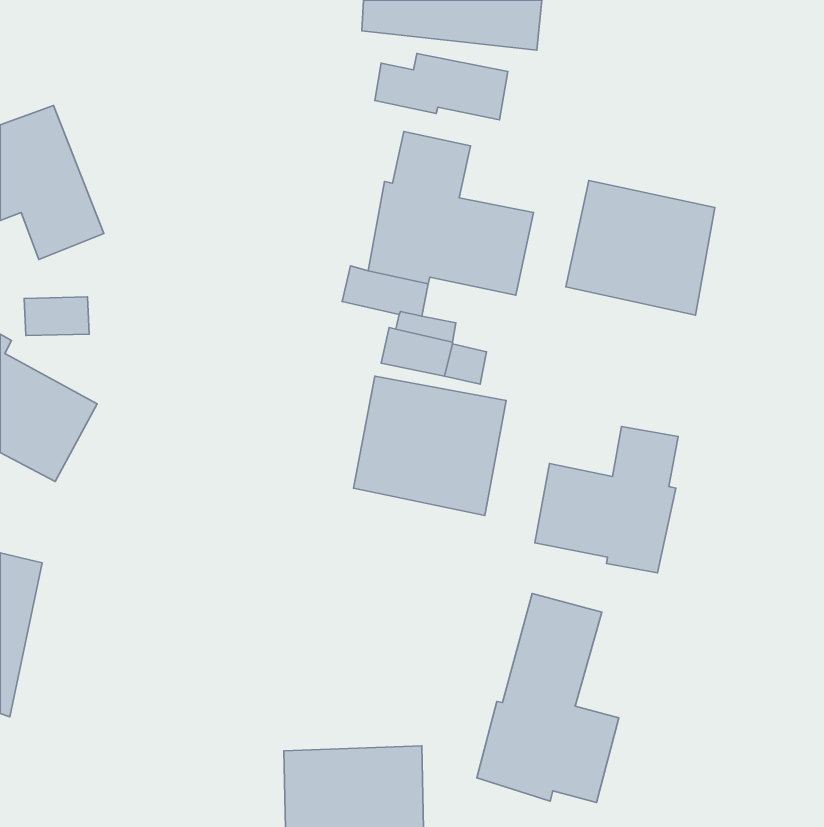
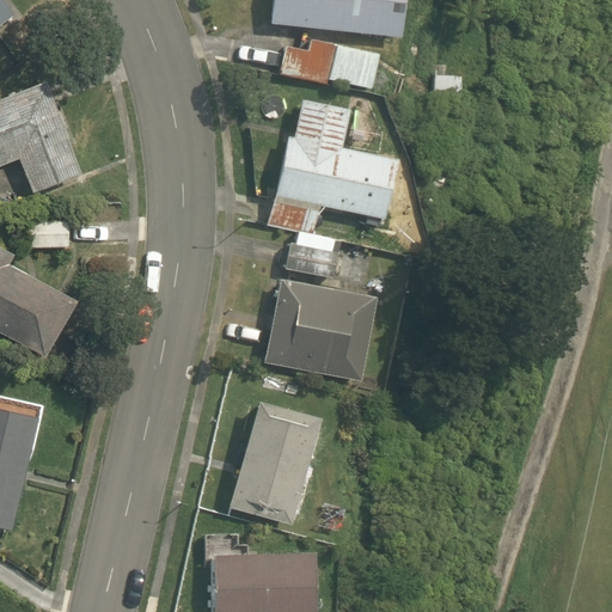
building: [566,181,715,315] -> none
building: [535,426,678,573] -> none
building: none -> [228,399,320,525]
building: [477,594,619,802] -> none

